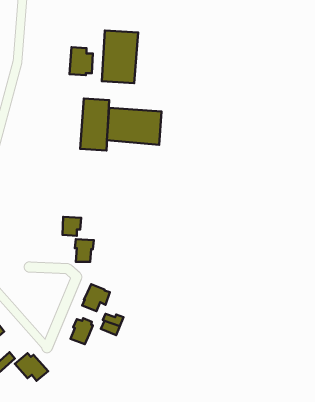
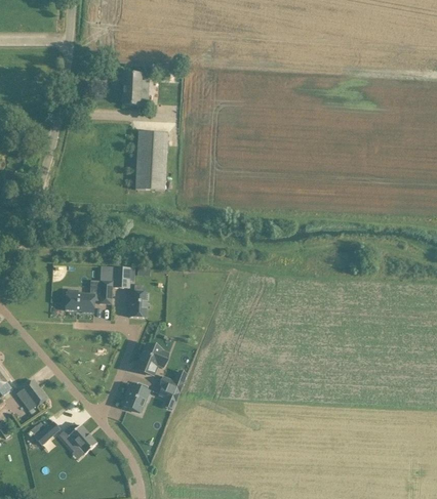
building: [102,31,138,83] -> none
building: [107,108,161,145] -> none
building: none -> [65,280,112,311]

